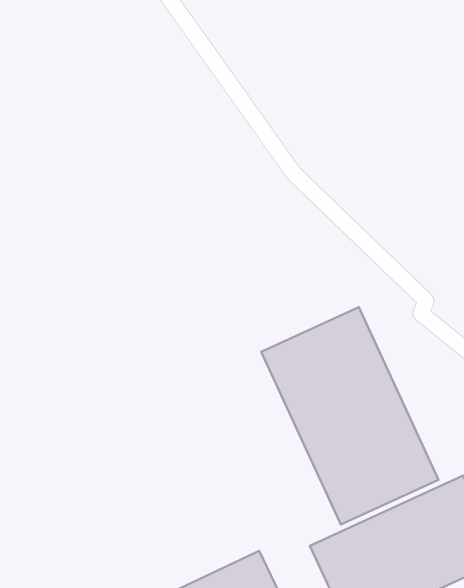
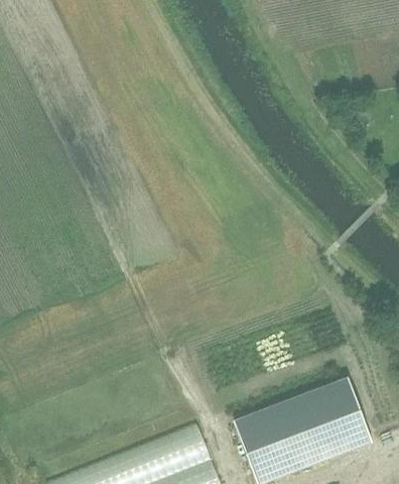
building: [261,307,439,524] -> none

